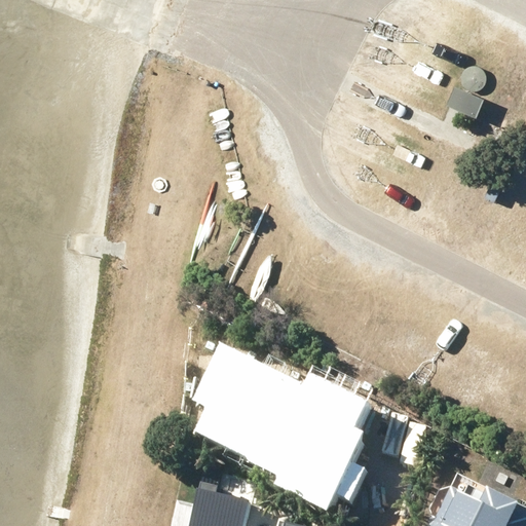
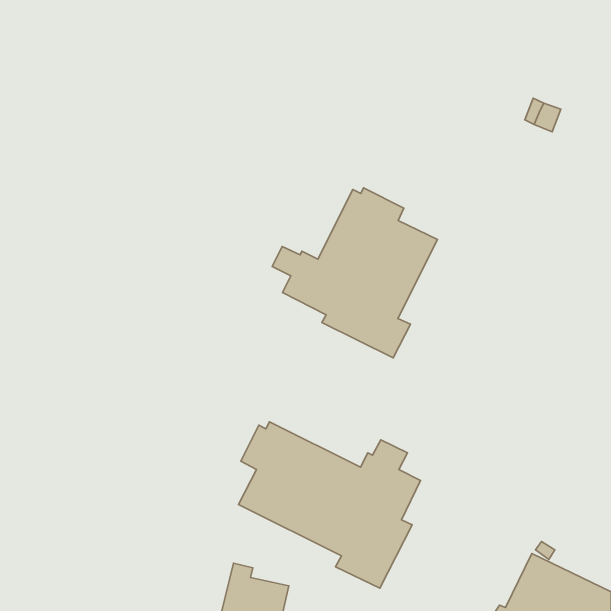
building: none -> [272,188,437,358]

